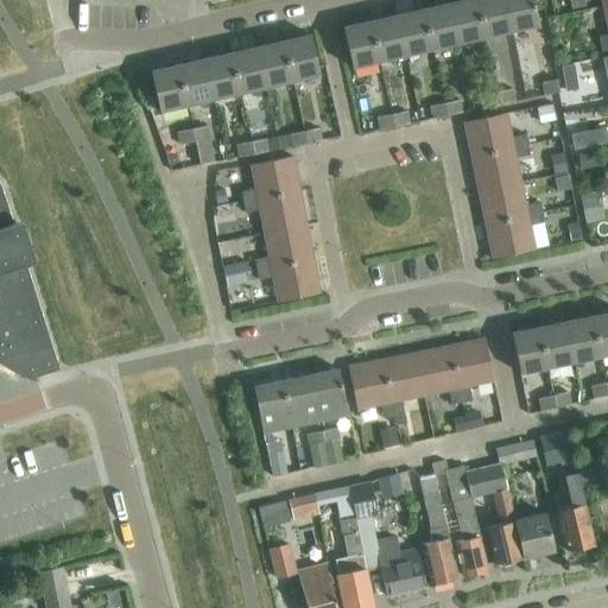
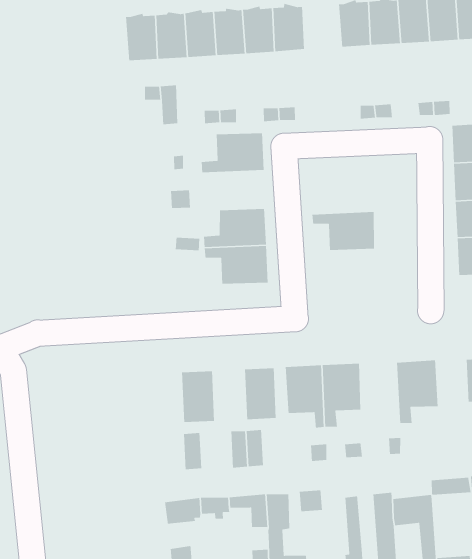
building: [243,191,306,234] -> [312,211,375,251]
building: [416,347,461,405] -> none
building: [283,375,321,428] -> none

